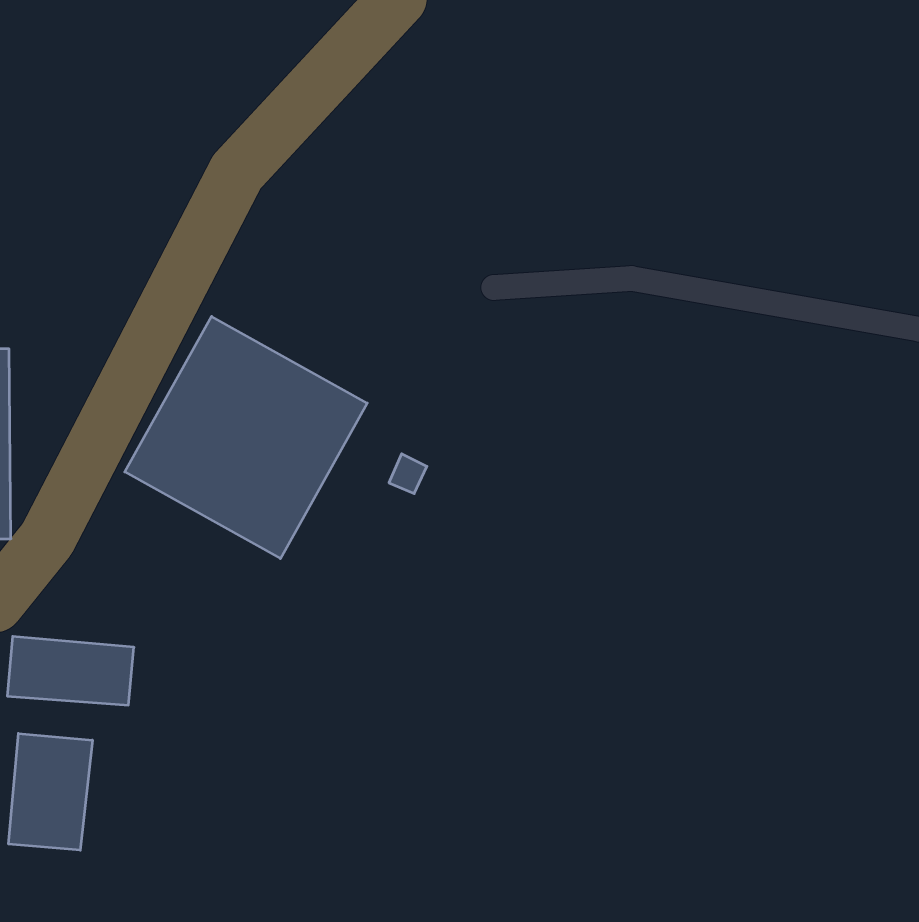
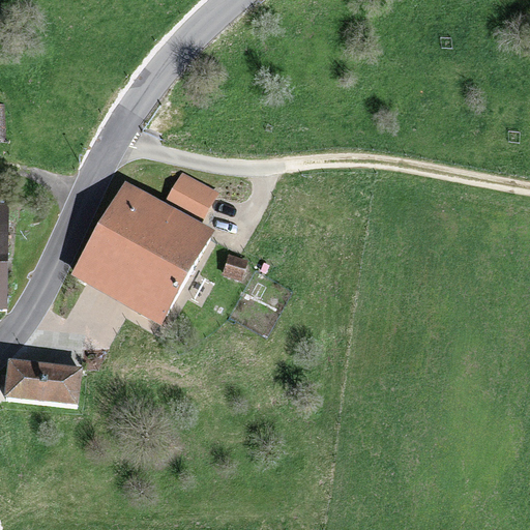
building: none -> [165,170,215,219]
building: [9,733,92,850] -> none

